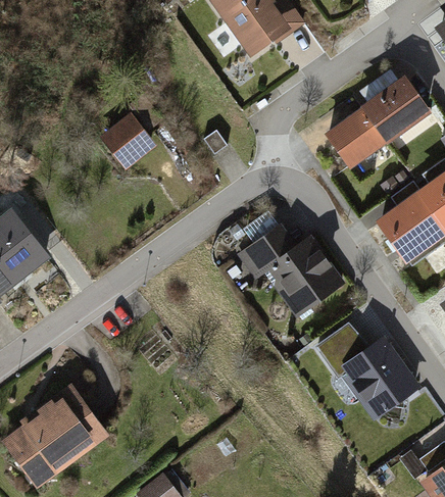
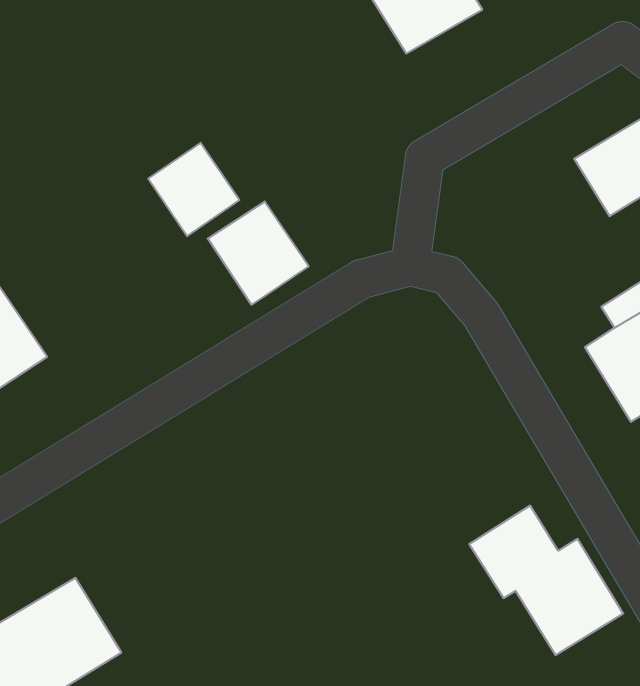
building: [328,108,388,167] -> none
building: none -> [208,201,309,305]
building: [237,225,347,316] -> none

